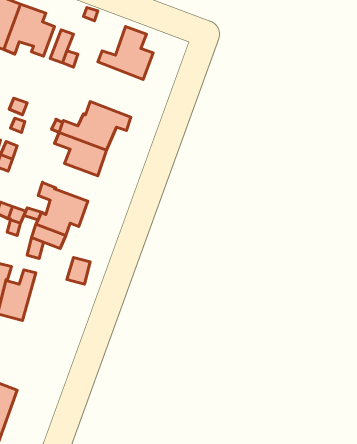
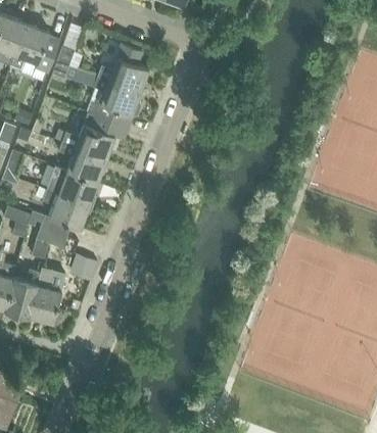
building: none -> [90,77,141,128]
building: none -> [48,166,97,205]
building: none -> [28,272,61,322]

